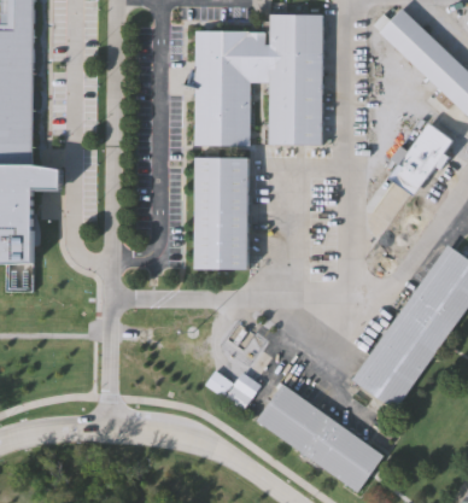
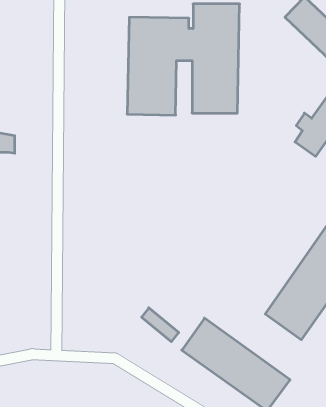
building: [188,153,245,268] -> none

